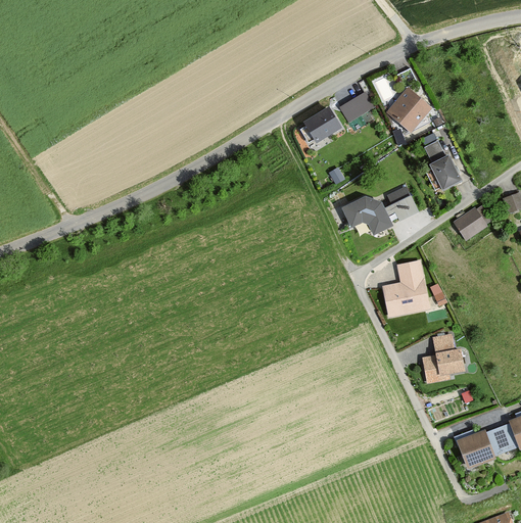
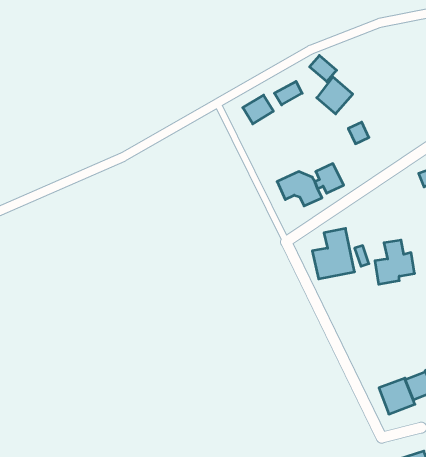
building: none -> [310,55,337,82]
building: [426,153,464,189] -> none
building: [453,204,491,239] -> none
building: [422,333,467,383] -> [375,240,415,284]

